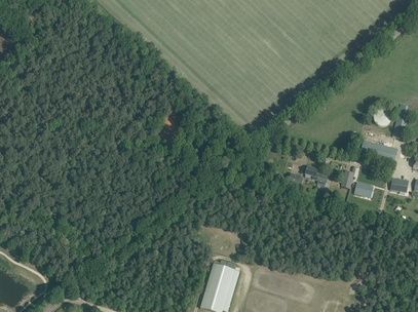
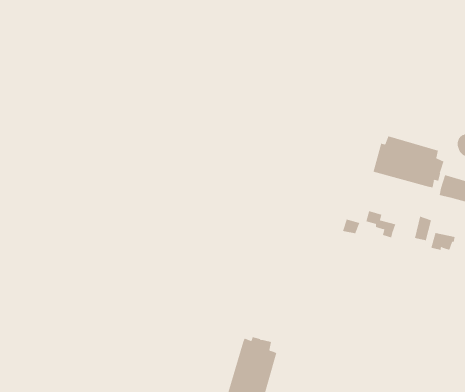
building: none -> [373,135,444,188]

